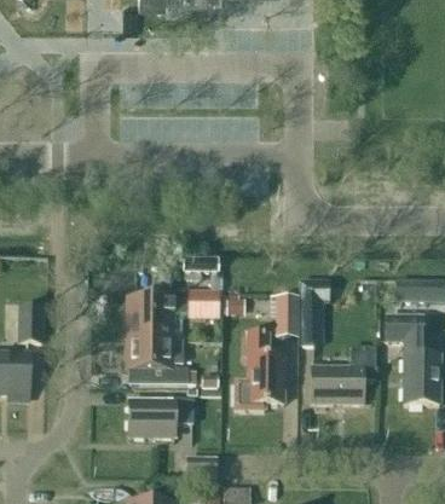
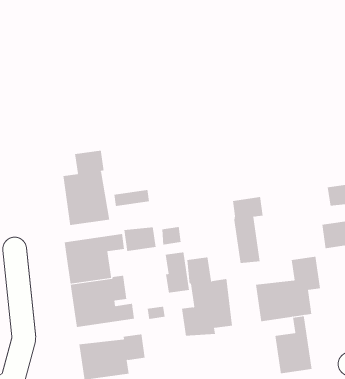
building: none -> [63,150,110,226]
building: [278,296,300,335] -> [165,252,190,293]
building: none -> [275,315,312,374]

